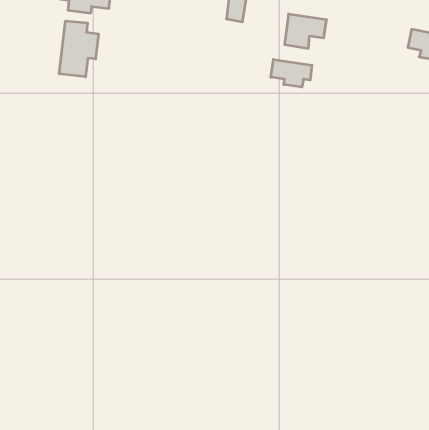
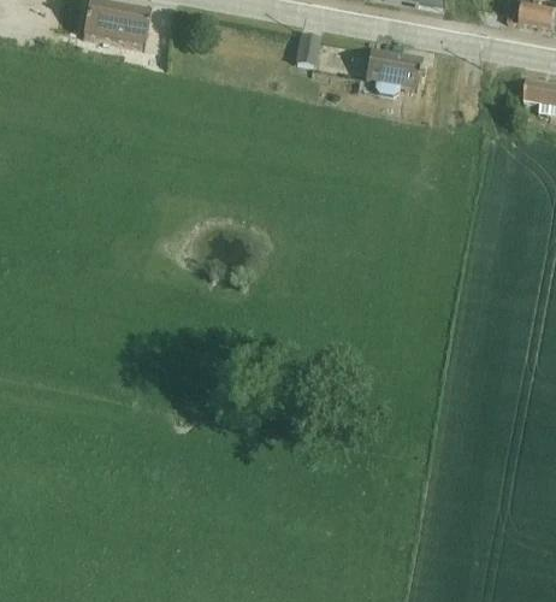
building: [59,21,98,77] -> none
building: [271,59,312,87] -> none

